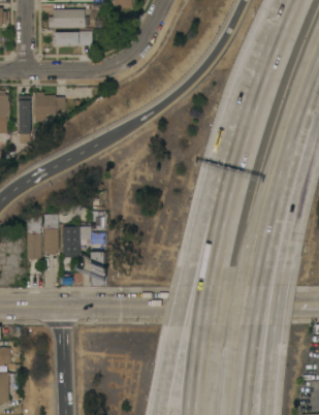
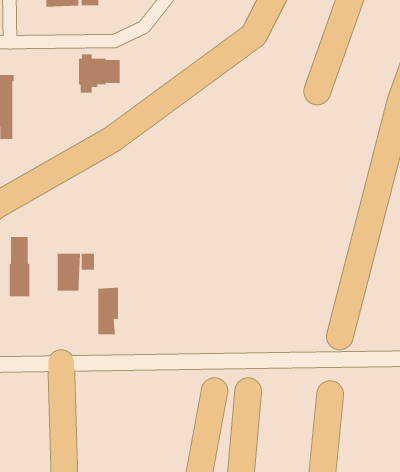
building: [34,93,65,122] -> [78,54,121,93]
building: [43,215,58,255] -> none

